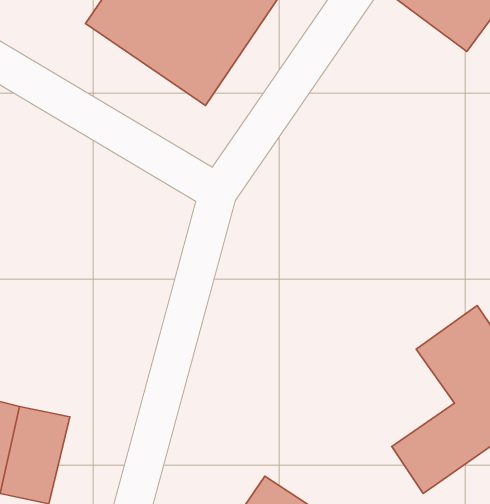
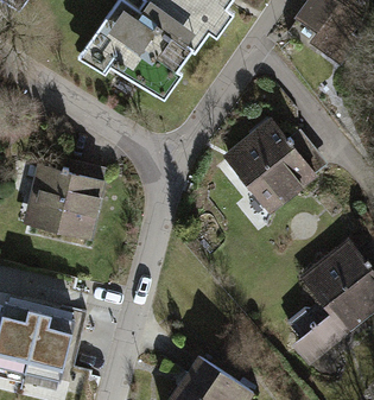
building: none -> [224,126,311,214]
building: none -> [27,169,100,237]

